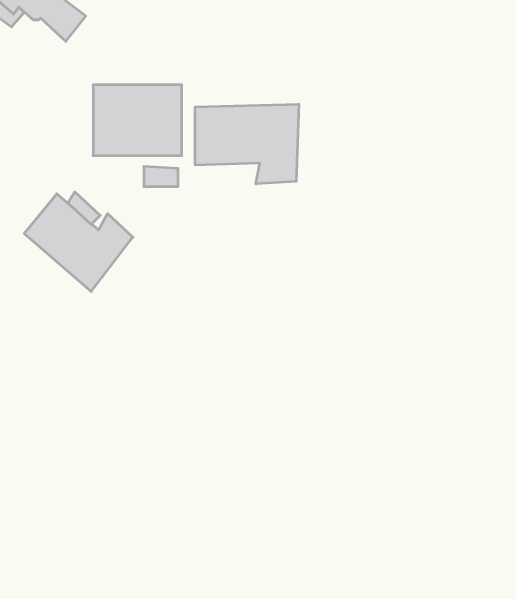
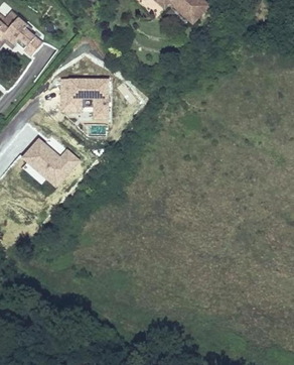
building: [195,104,299,184] -> none

